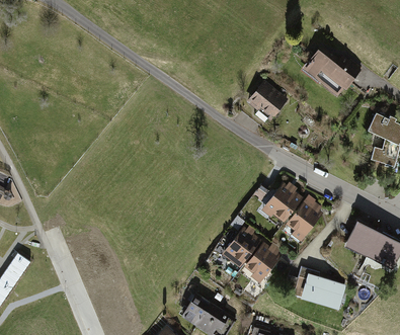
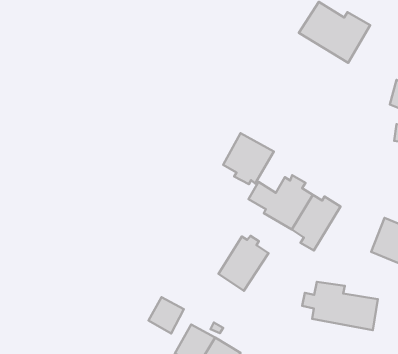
building: [245,80,287,121] -> [223,133,274,184]
building: [240,242,279,284] -> none
building: none -> [149,297,184,334]

